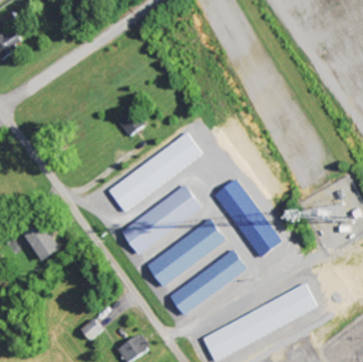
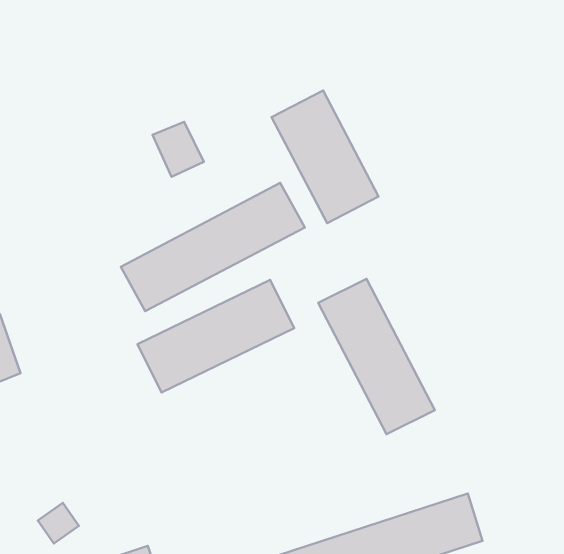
building: none -> [272,91,379,223]
building: [146,219,227,287] -> none
building: [168,251,248,314] -> none

